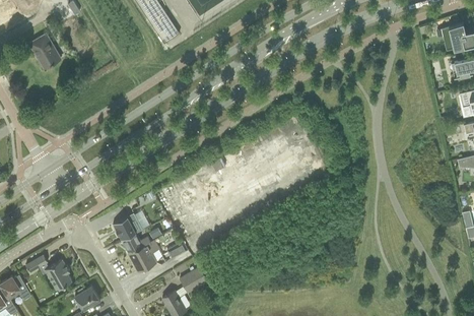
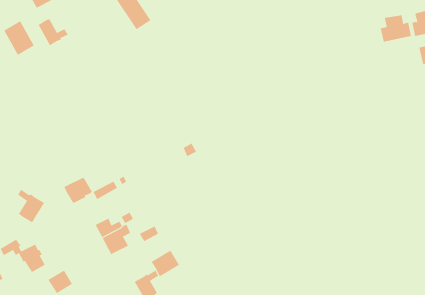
building: none -> [380,15,412,43]
building: none -> [38,18,68,46]
building: none -> [17,189,45,223]
building: [113,213,142,241] -> [64,177,93,204]

